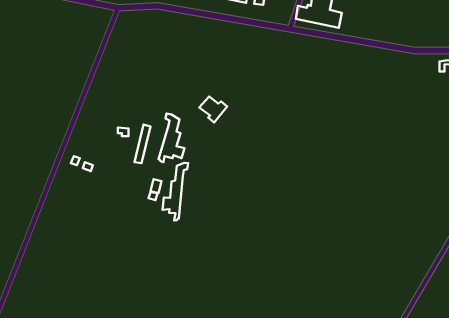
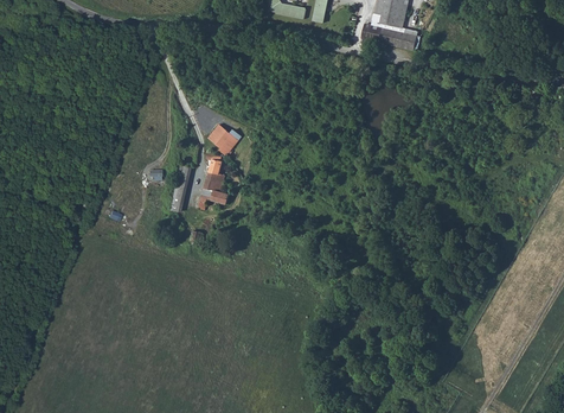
building: [199,96,227,122] -> [209,123,242,154]
building: [163,163,188,220] -> none

